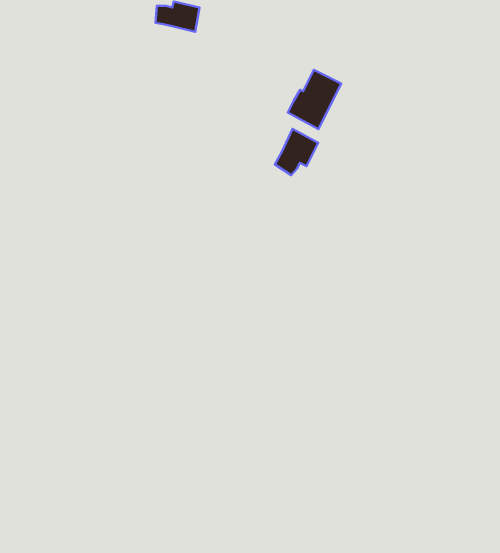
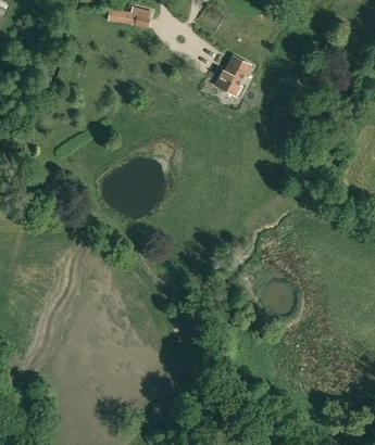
building: [275,129,318,175] -> none

